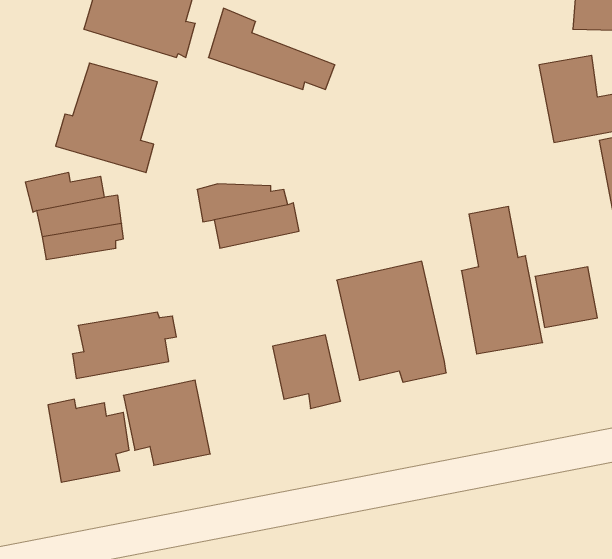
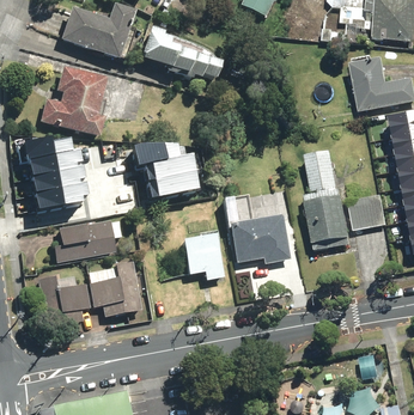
building: none -> [147,169,201,196]
building: none -> [37,178,90,209]

